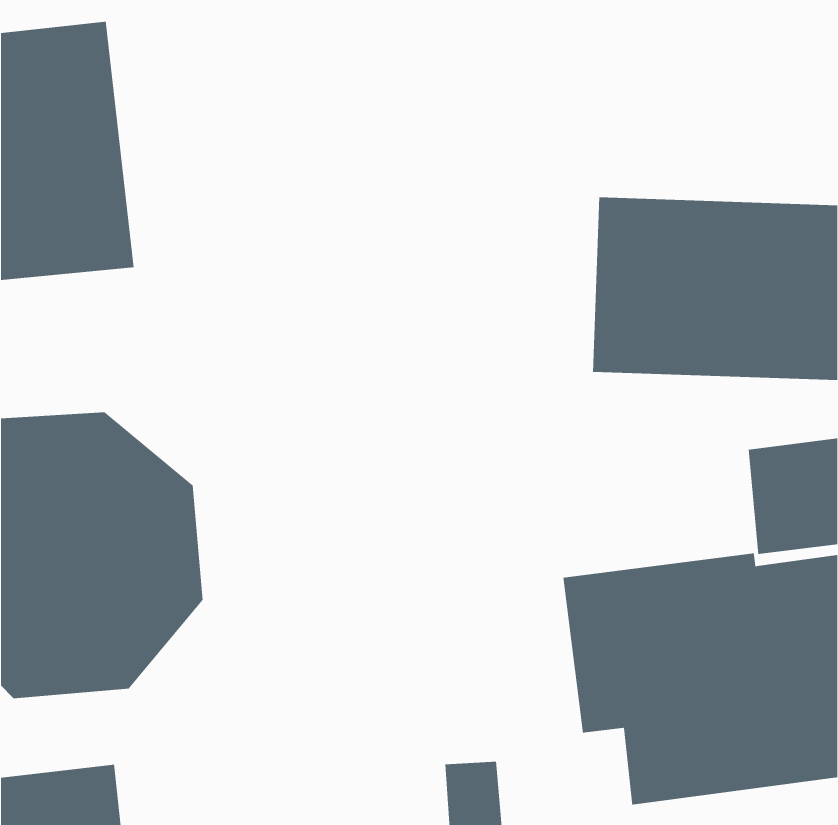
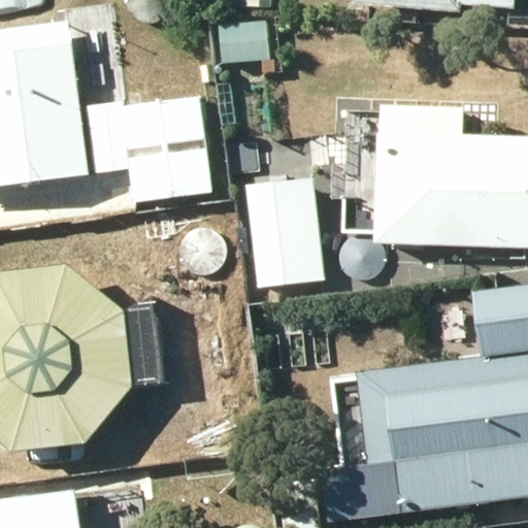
building: none -> [84,100,209,204]
building: none -> [249,182,317,287]

